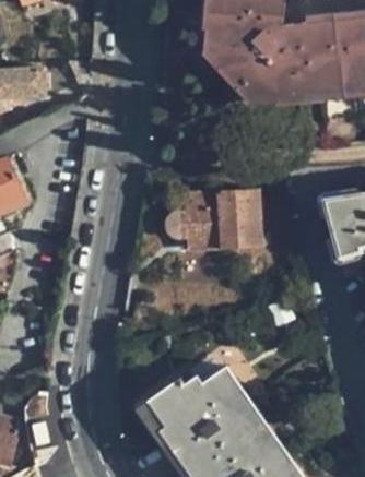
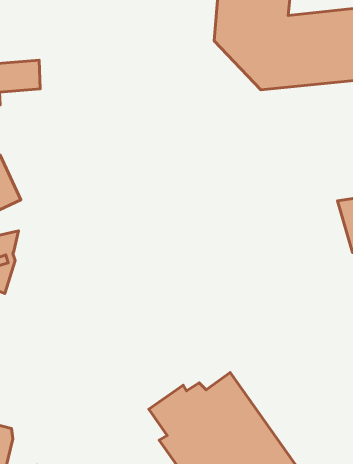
building: [164,191,259,252] -> none

